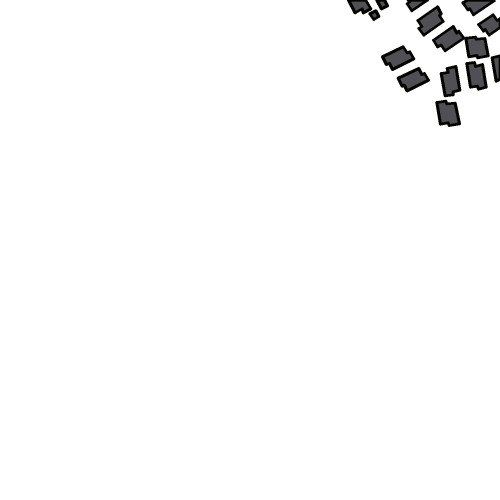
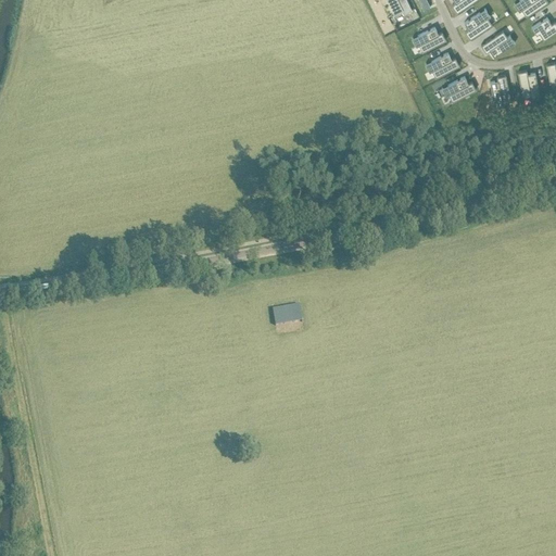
building: none -> [412,26,446,51]
building: [466,37,488,58] -> none
building: [437,101,459,125] -> none
building: none -> [271,303,300,324]

